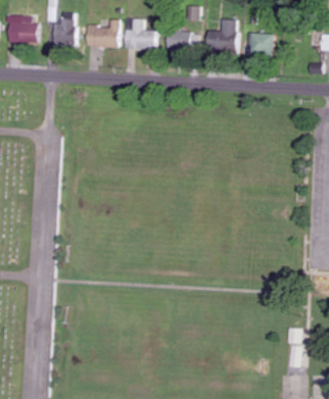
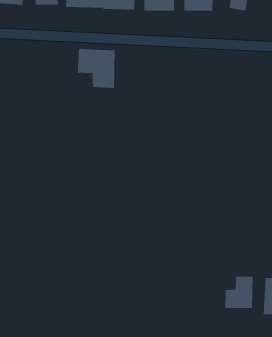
building: none -> [77,48,115,89]
building: none -> [225,276,253,309]

